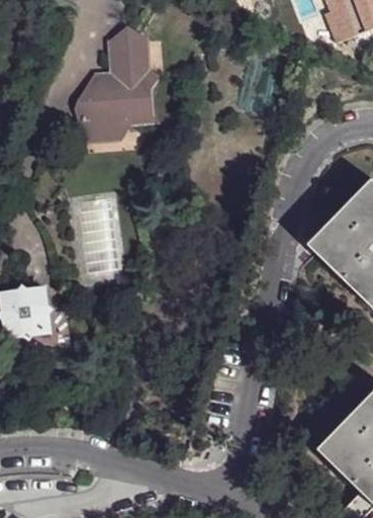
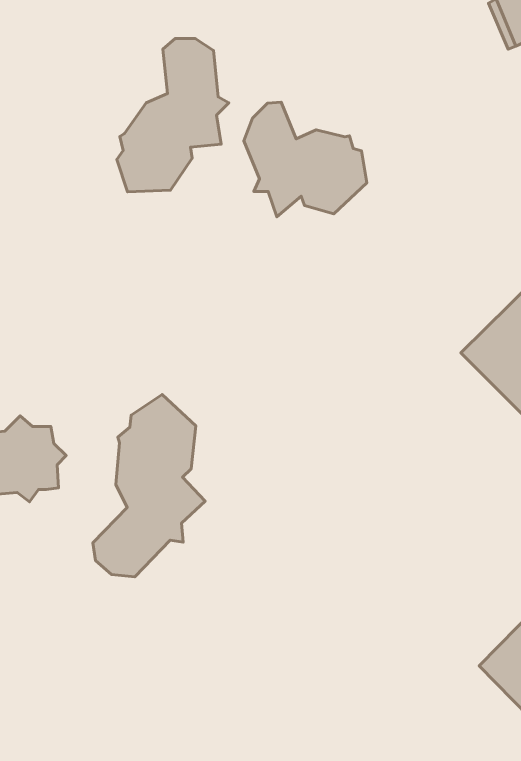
building: none -> [244,102,367,217]
building: none -> [93,395,205,577]

